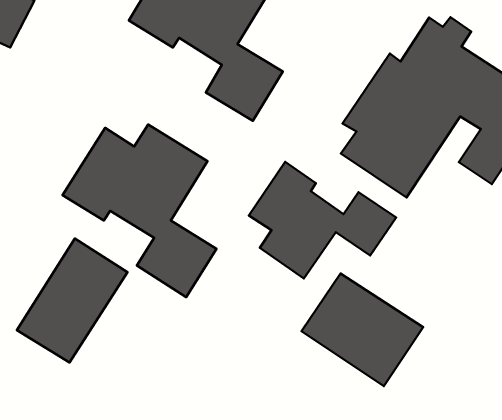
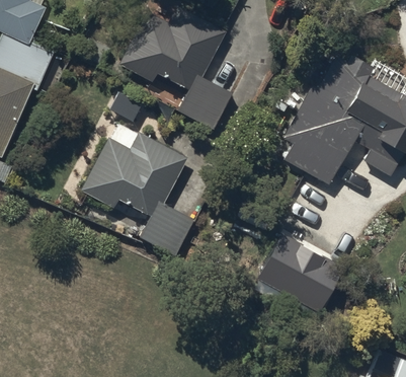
building: [249,162,396,278] -> none
building: [17,239,128,362] -> none

